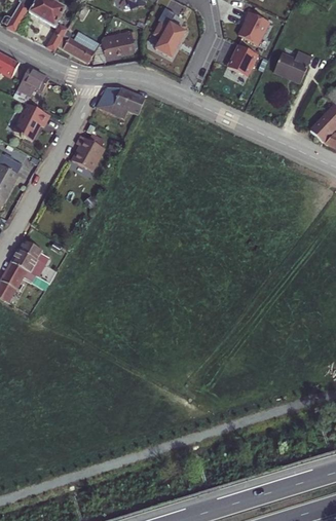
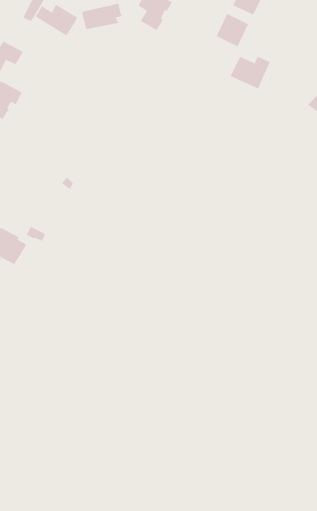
building: [269,54,307,85] -> [230,56,271,89]
building: [99,85,147,117] -> none
building: [73,137,106,173] -> none

